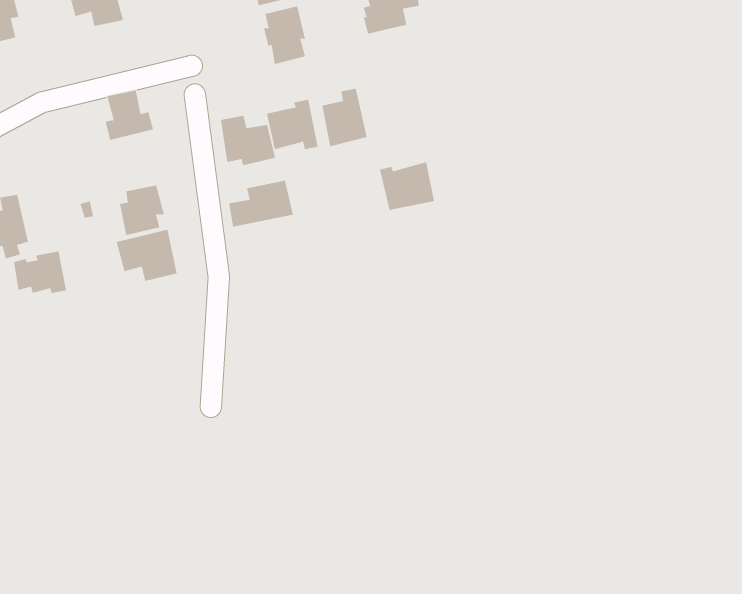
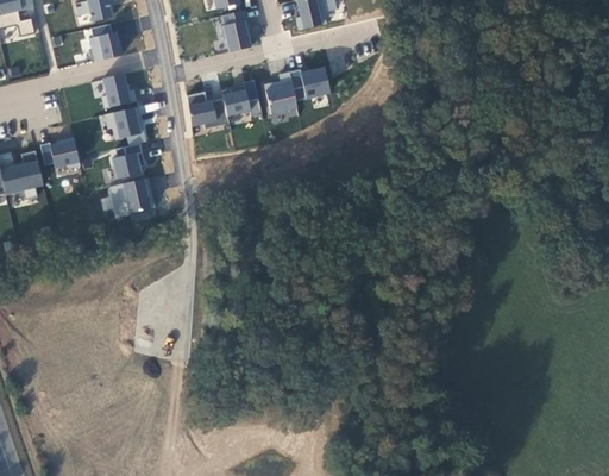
building: none -> [88,24,123,62]
building: none -> [102,106,142,142]
building: [379,161,435,211] -> [289,65,331,102]
building: [229,180,294,227] -> none
building: [13,251,67,294] -> [39,137,80,169]

